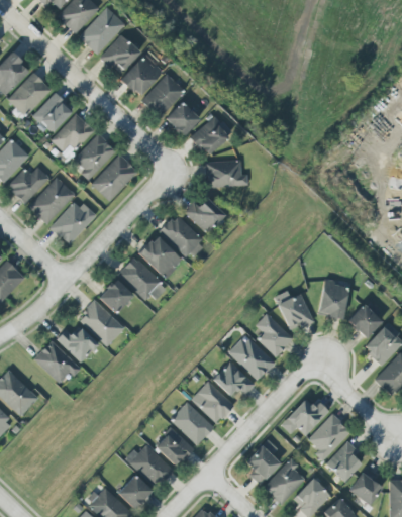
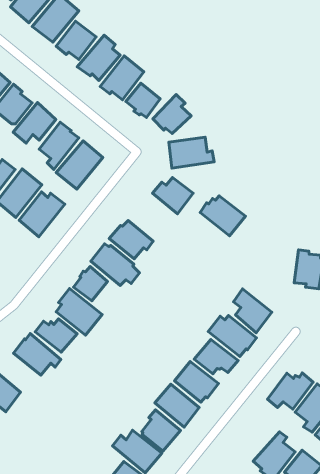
building: [158,216,202,256] -> [200,196,245,236]
building: [274,290,314,327] -> none
building: [245,439,280,484] -> none

